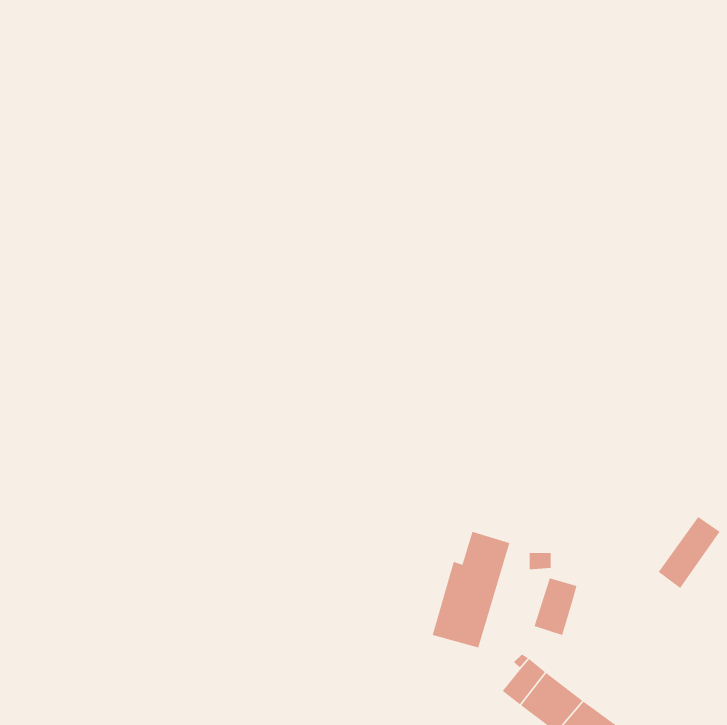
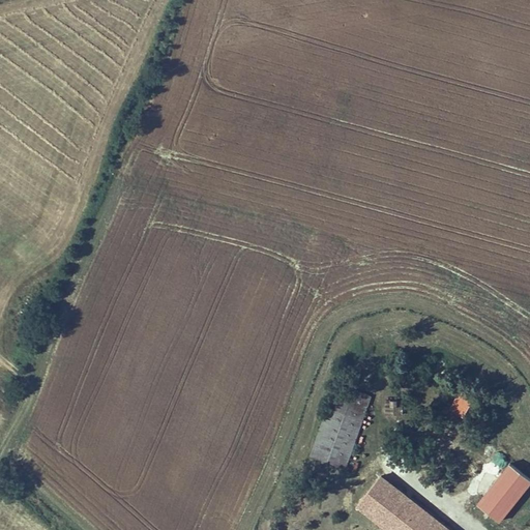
building: [658,516,721,589] -> [478,468,524,521]
building: [534,578,577,636] -> none

